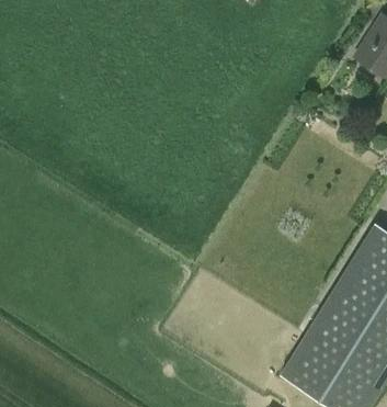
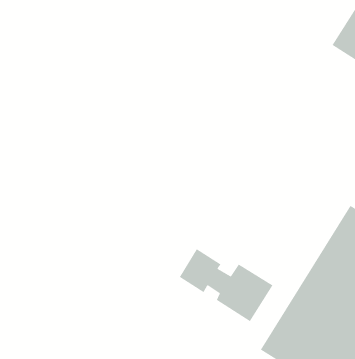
building: none -> [179,248,274,322]

